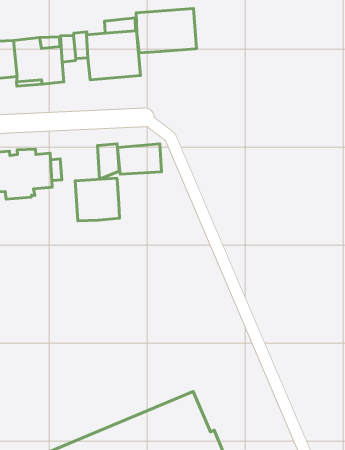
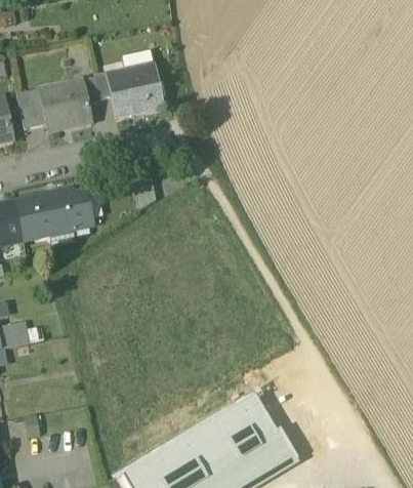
building: [136,8,196,53] -> none
building: [117,144,162,174] -> none
building: [75,178,120,221] -> none

